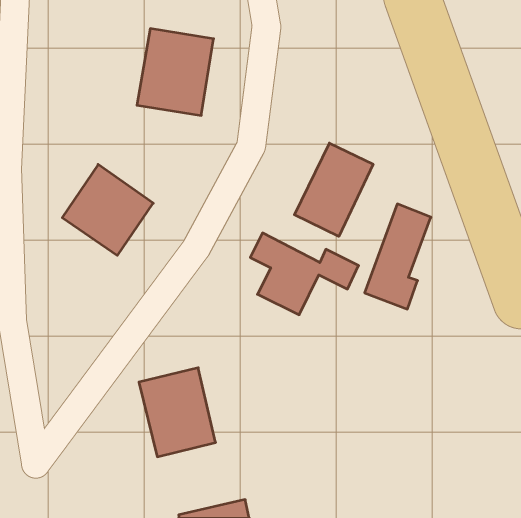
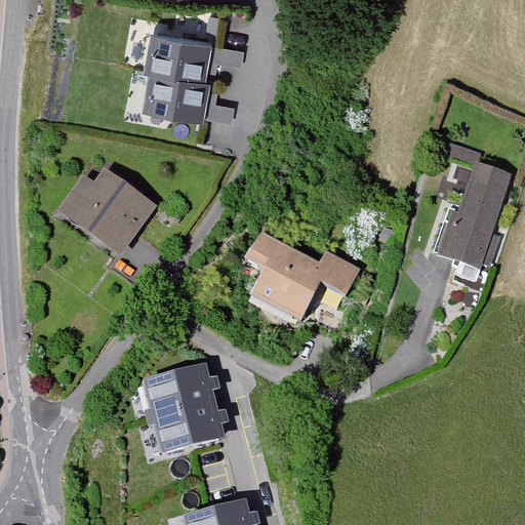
building: [294,143,373,236] -> none
building: [365,204,431,309] -> [445,162,512,268]

